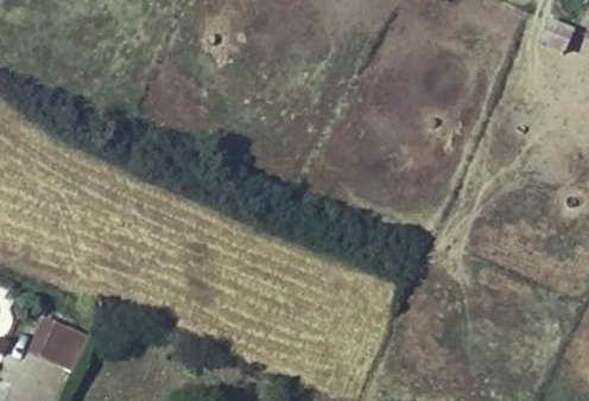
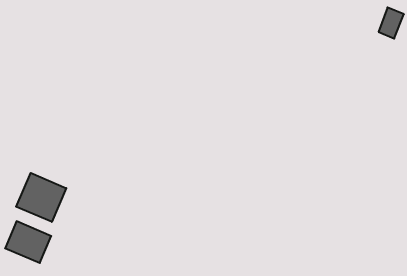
building: none -> [16,173,66,222]

